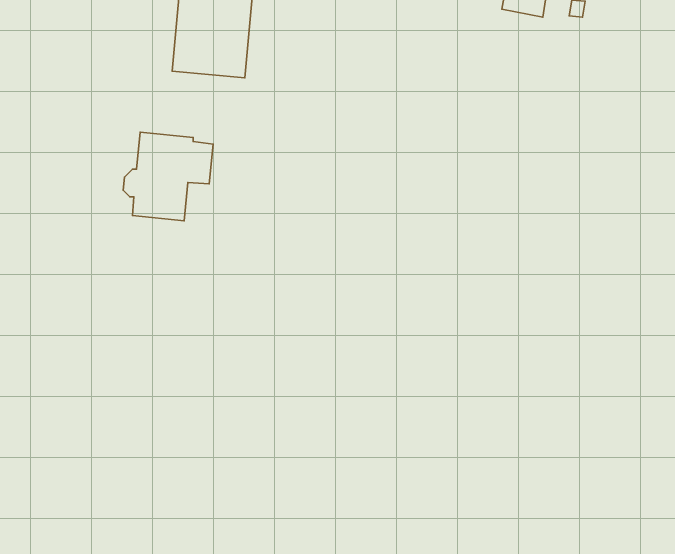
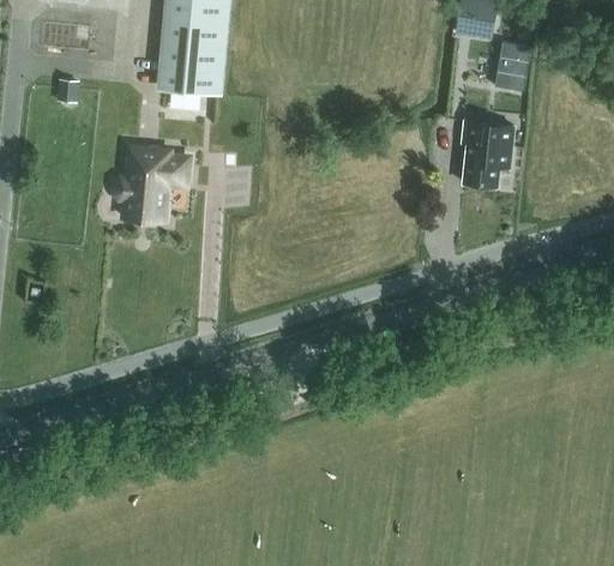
building: none -> [493,41,534,92]
building: none -> [463,122,514,187]

